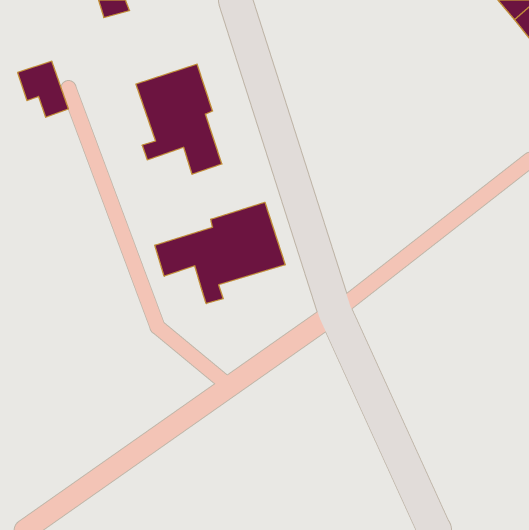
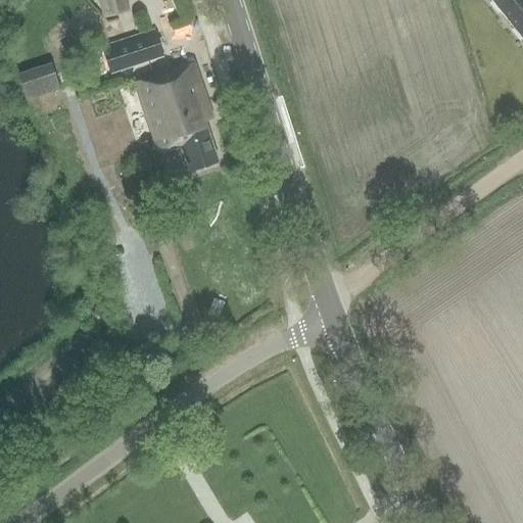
building: none -> [107,16,164,70]
building: [155,202,285,304] -> none

